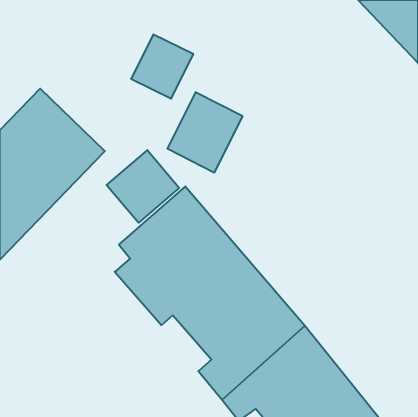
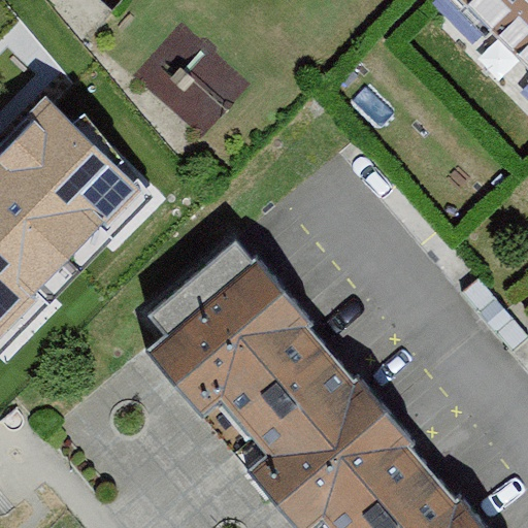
building: [167,92,242,173] -> none
building: [107,150,179,223] -> none

